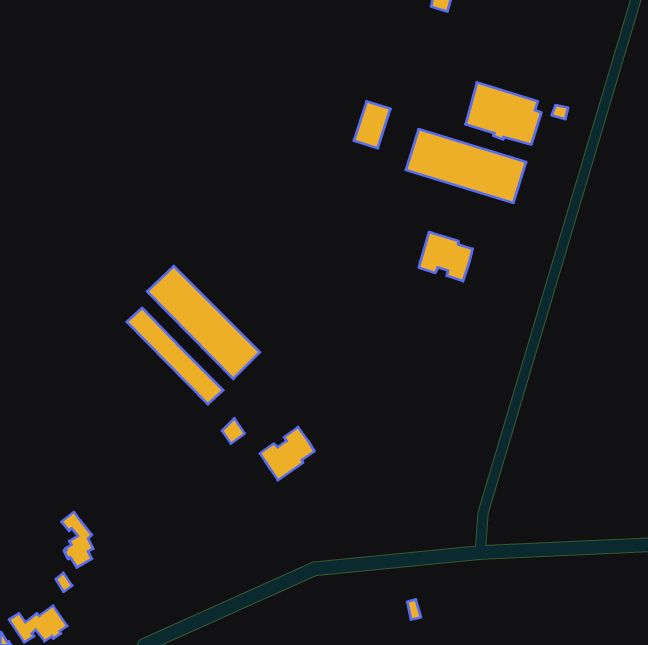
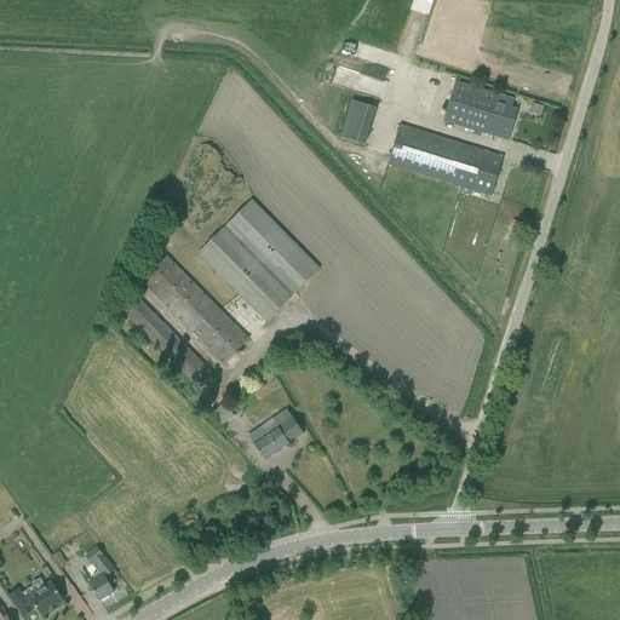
building: none -> [197,197,320,320]
building: [419,232,473,281] -> none
building: [61,512,93,568] -> [85,545,115,598]

